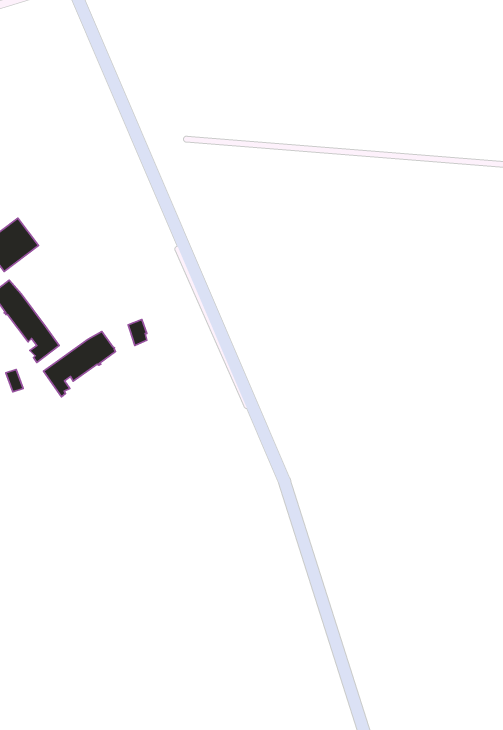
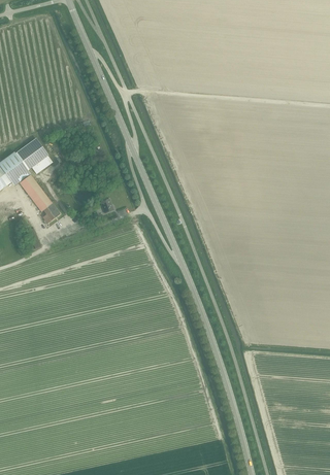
building: [44,331,115,397] -> none

